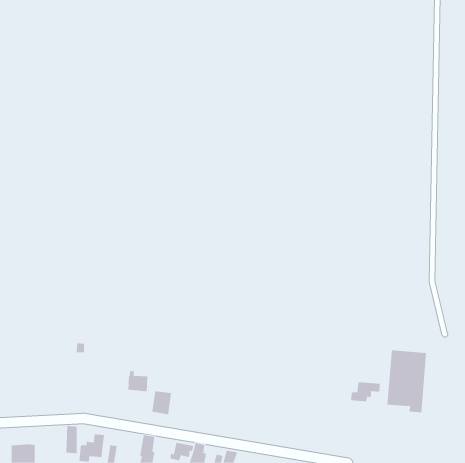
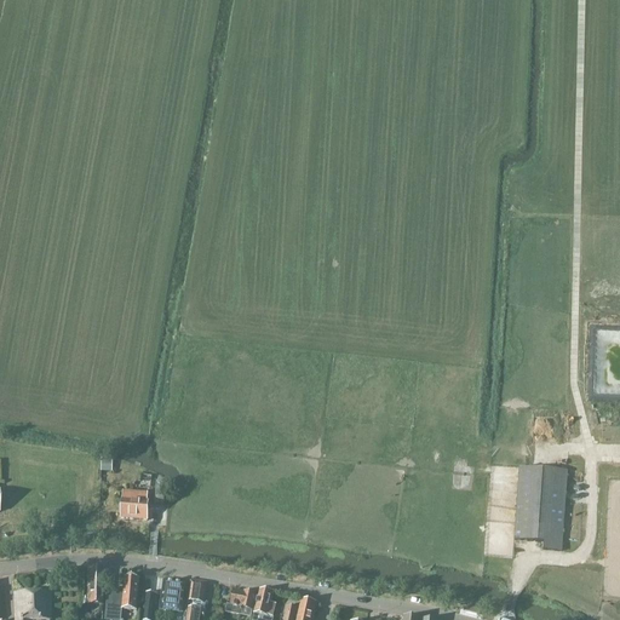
building: [127,371,148,392] -> [121,490,149,518]
building: [350,381,380,402] -> none
building: [152,391,172,415] -> [161,579,188,610]

